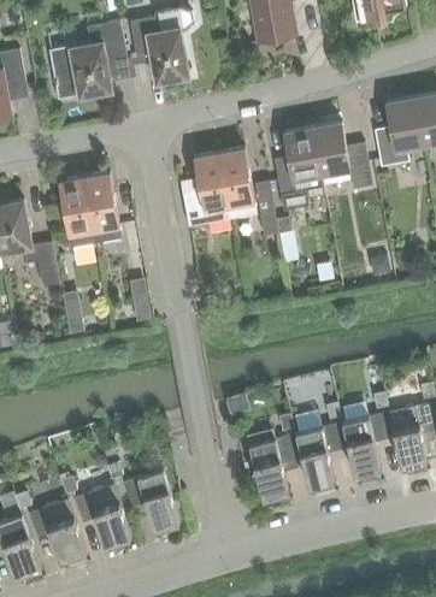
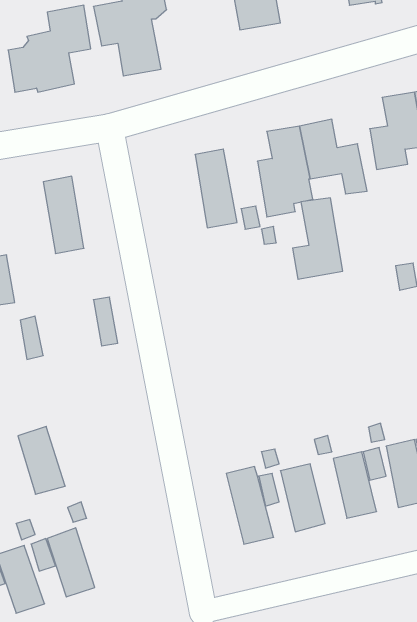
building: [184,153,229,225] -> [293,198,343,279]
building: [57,177,94,244] -> none
building: [136,469,178,530] -> [18,426,65,494]

